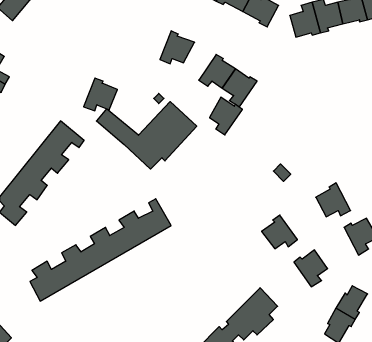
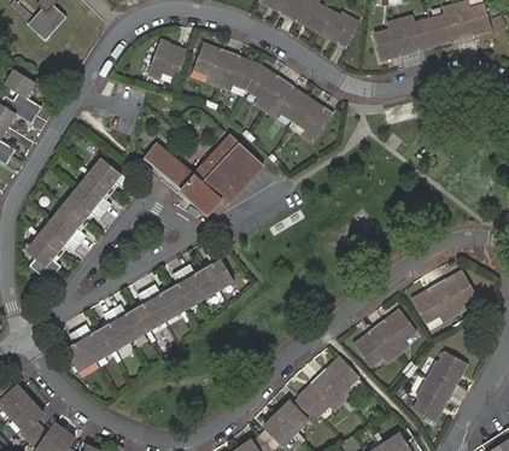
building: none -> [193,43,232,86]
building: [84,78,117,111] -> [146,40,186,78]
building: [210,97,242,135] -> [246,65,285,110]
building: [316,183,351,217] -> [411,283,452,323]
building: [262,215,297,249] -> [355,324,397,364]

